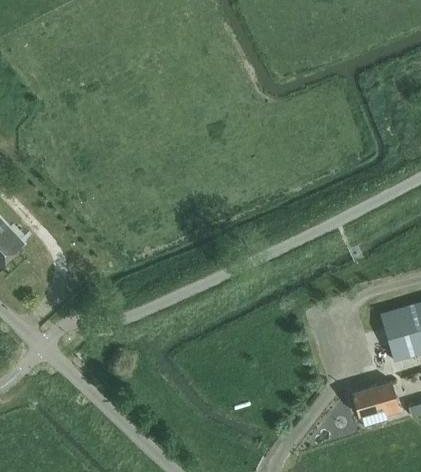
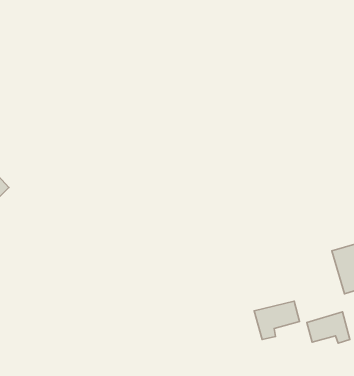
building: none -> [254,301,300,340]

